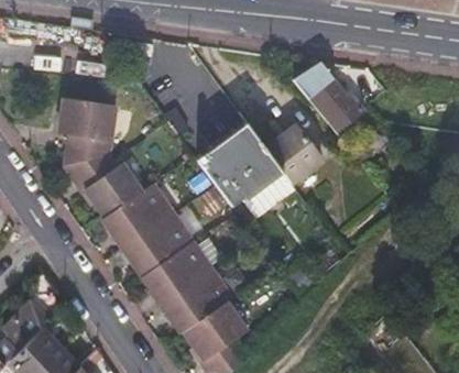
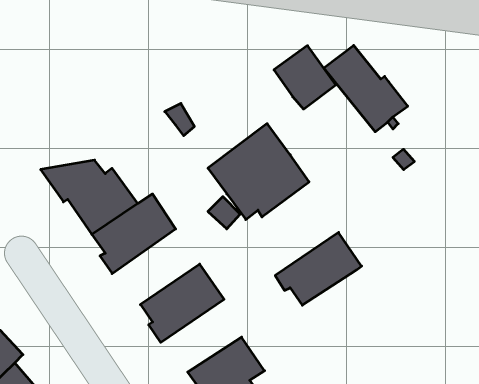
building: [58,97,118,164] -> none
building: [269,132,319,184] -> [274,46,336,109]
building: [123,212,195,274] -> none
building: [163,270,233,329] -> [275,232,362,305]

